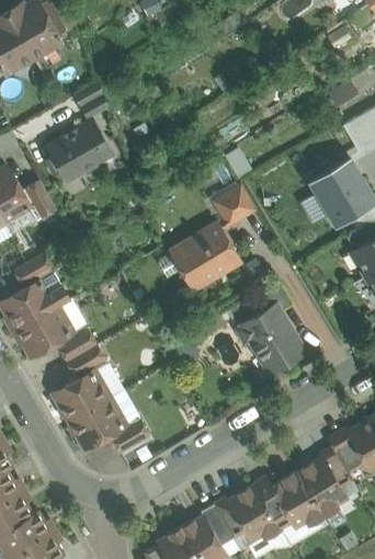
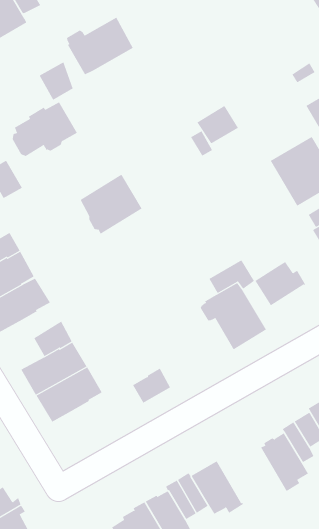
building: none -> [67,17,134,75]
building: [212,184,254,224] -> [197,105,239,144]
building: [174,225,238,286] -> [80,174,142,234]
building: none -> [255,261,306,306]
building: [56,326,95,362] -> none
building: [109,417,148,453] -> [132,368,171,404]
building: [253,472,323,528] -> none

